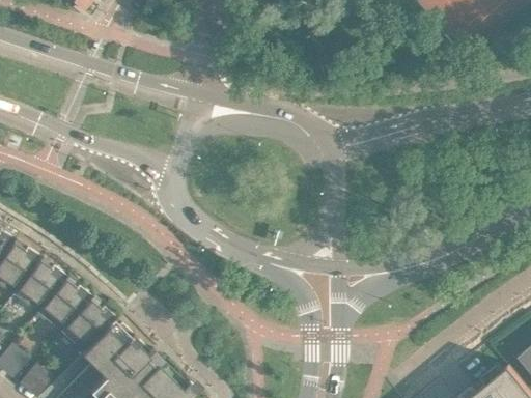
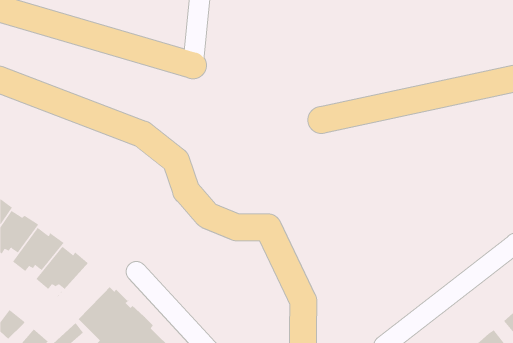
building: [60,296,116,354] -> none

